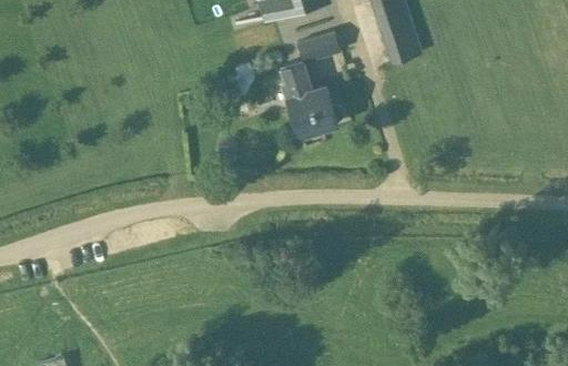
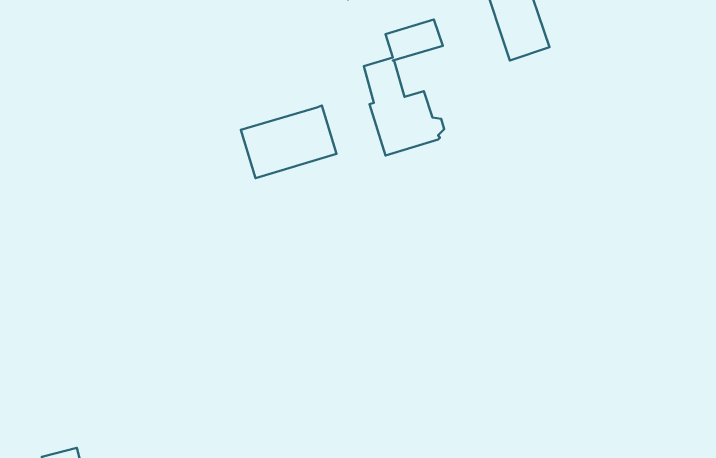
building: none -> [241,105,337,178]

